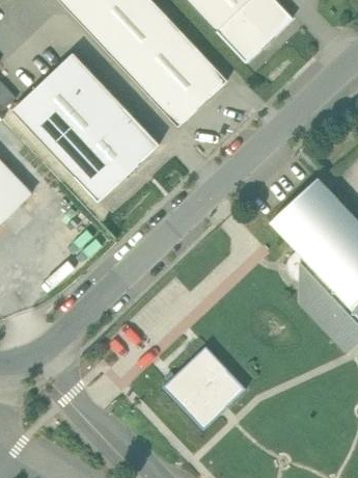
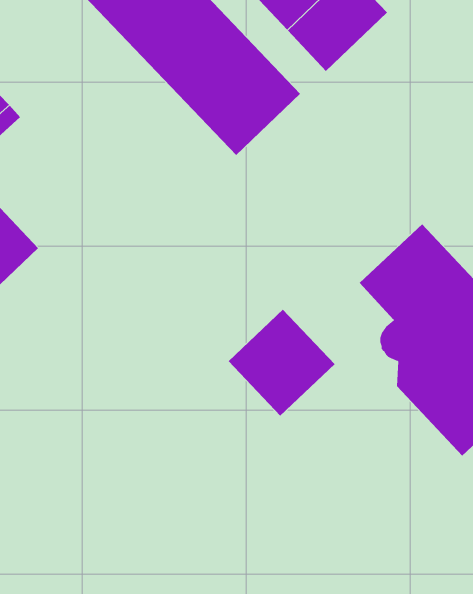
building: [12,52,160,201] -> none
building: [165,350,246,431] -> [228,309,335,416]

